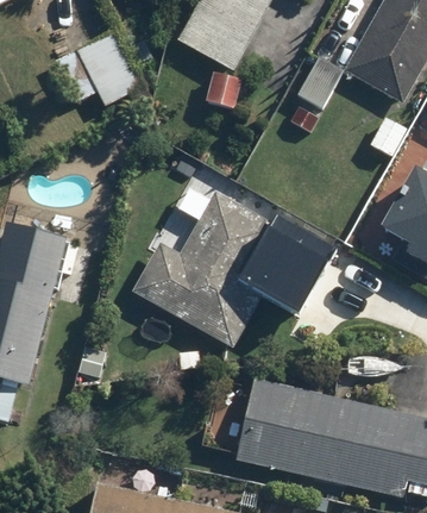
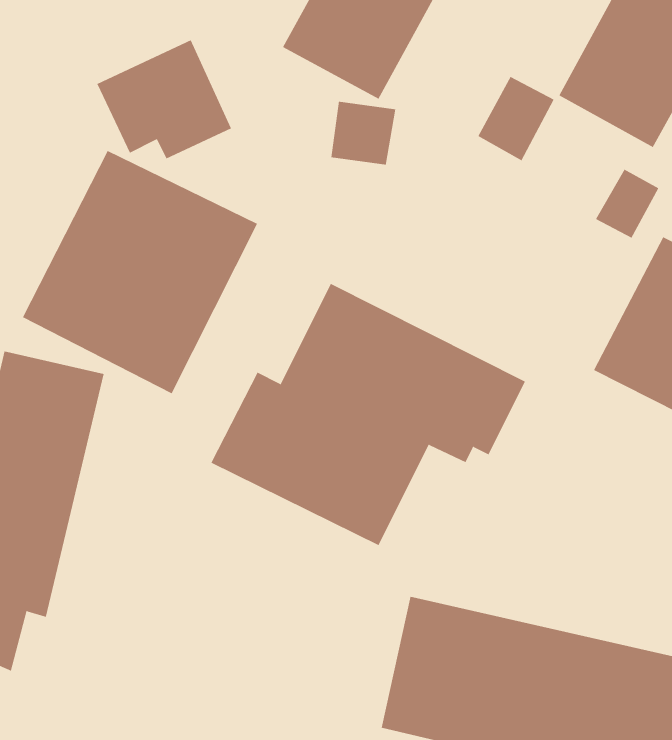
building: none -> [22,150,258,394]

